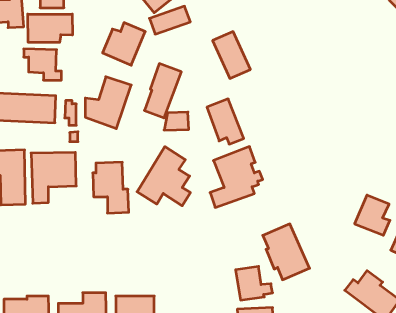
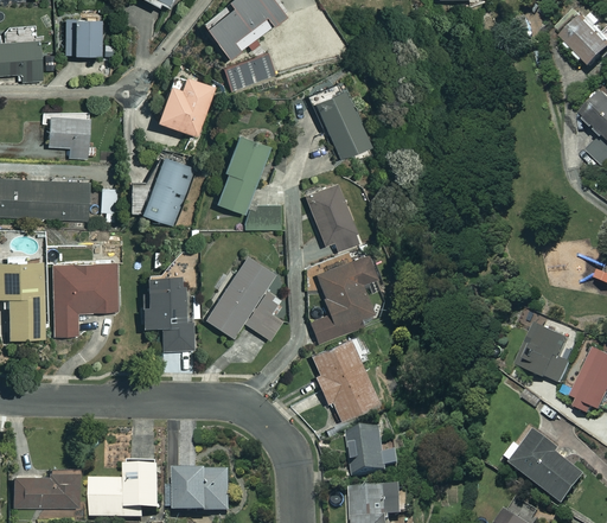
building: [28,14,72,42] -> none
building: [263,224,310,280] -> [311,338,378,419]

